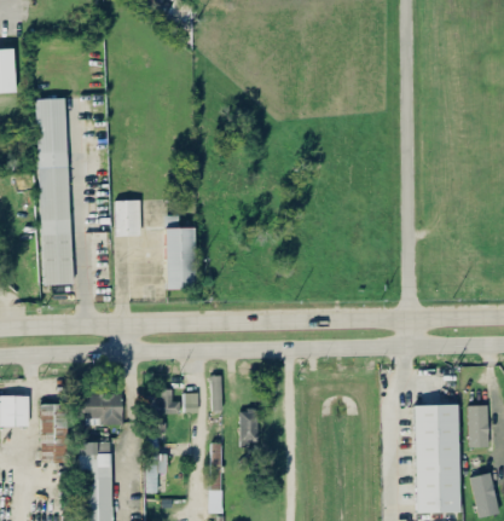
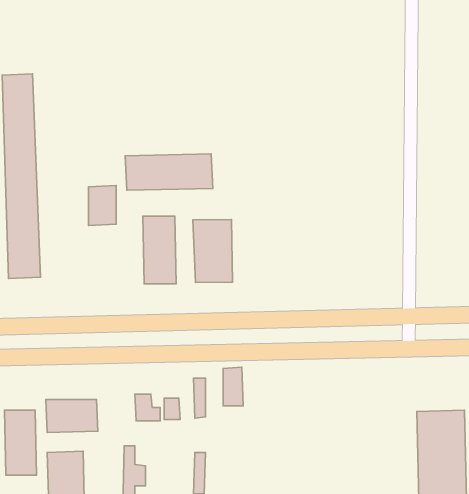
building: none -> [125,154,213,190]
building: none -> [193,220,233,282]
building: [241,409,259,444] -> [223,367,243,406]

